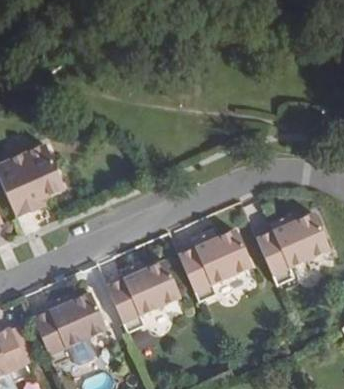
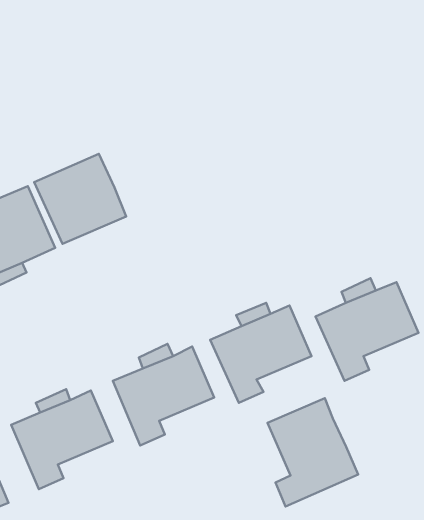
building: none -> [34,154,126,244]
building: none -> [267,398,358,506]

